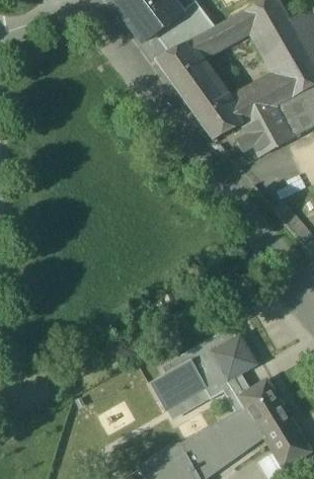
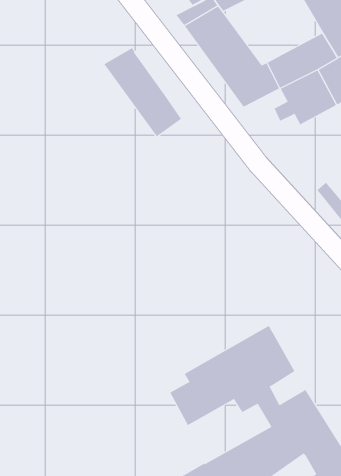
building: none -> [103,47,182,137]

